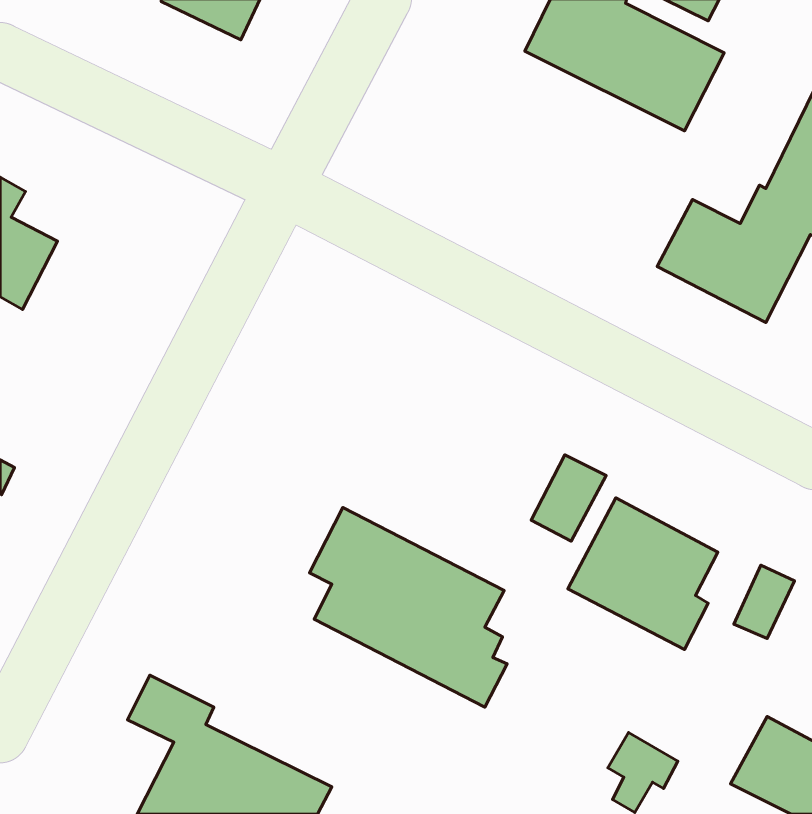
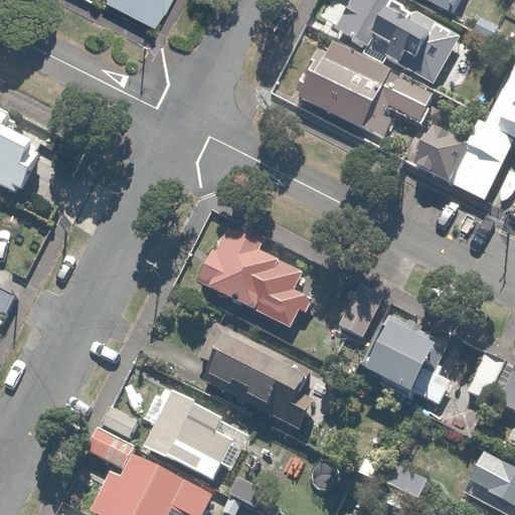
building: none -> [294,38,431,140]
building: none -> [195,226,326,330]
building: none -> [144,384,249,475]

